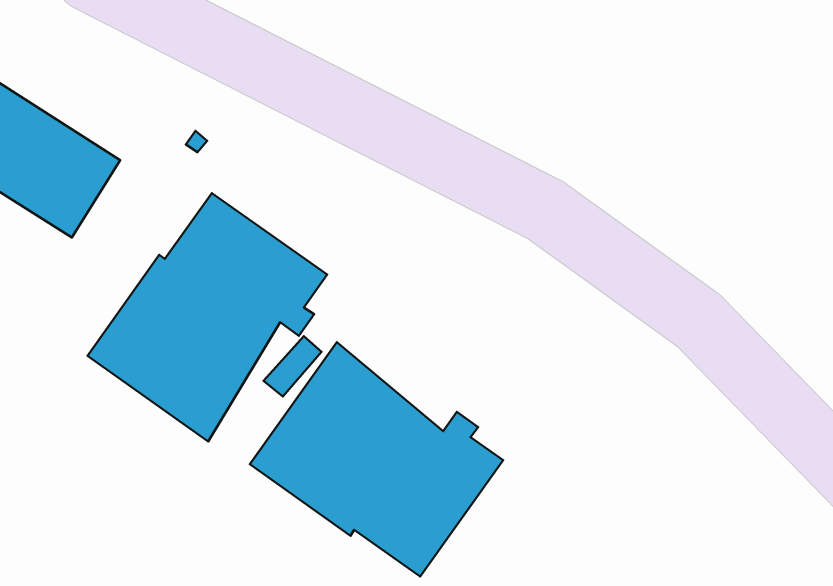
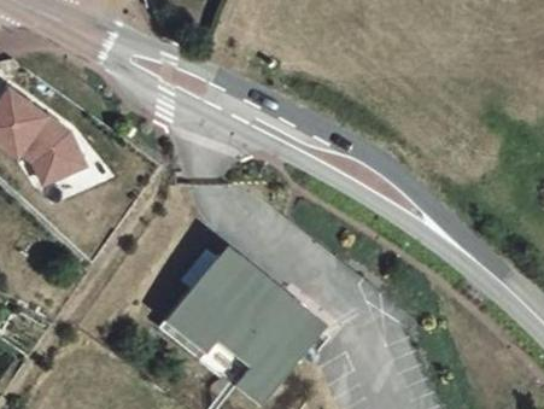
building: [87,193,327,442] -> none

